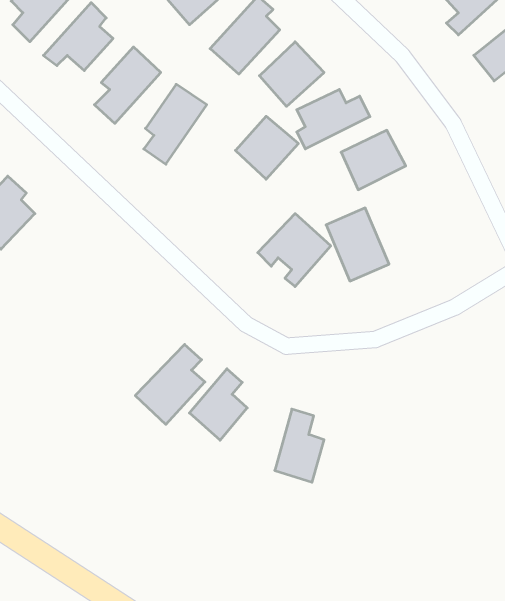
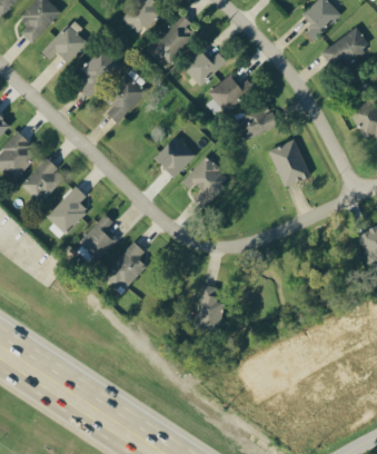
building: [235,116,298,179] -> [155,136,196,177]
building: [326,208,389,281] -> [269,139,310,187]
building: none -> [21,158,65,203]
building: none -> [47,186,88,239]
building: [189,369,247,440] -> [79,213,117,259]

